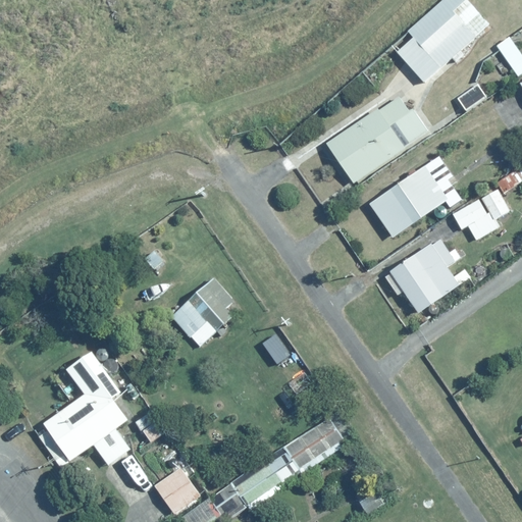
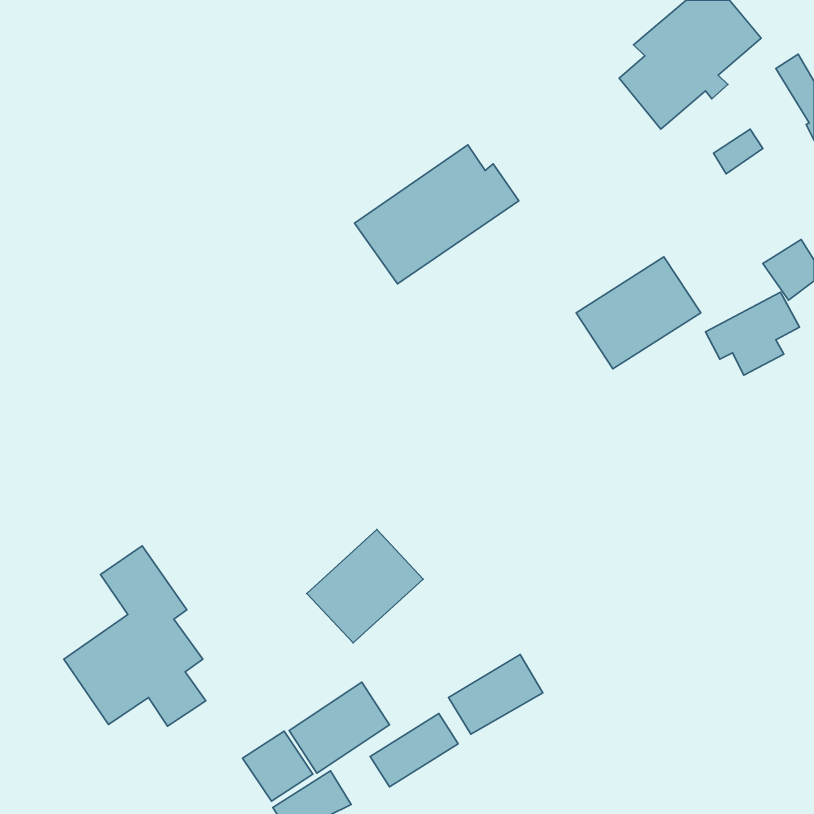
building: [324,94,429,182] -> [354,145,519,284]
building: [383,238,470,313] -> none
building: [169,276,244,349] -> [307,530,423,643]
building: none -> [289,682,389,773]

